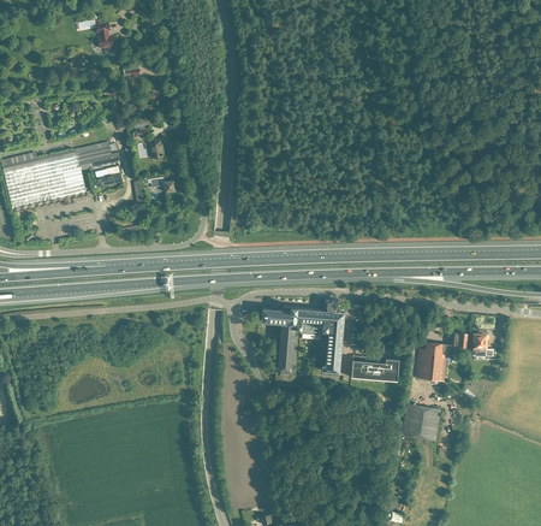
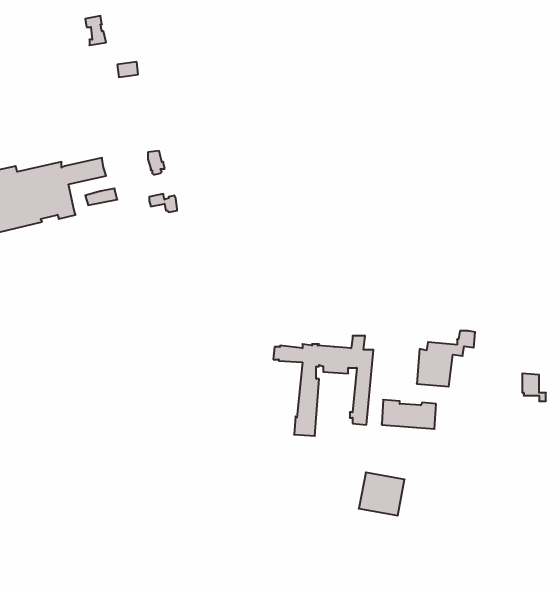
building: [416,332,466,380] -> [417,331,475,387]
building: [402,403,441,441] -> [359,472,405,516]

